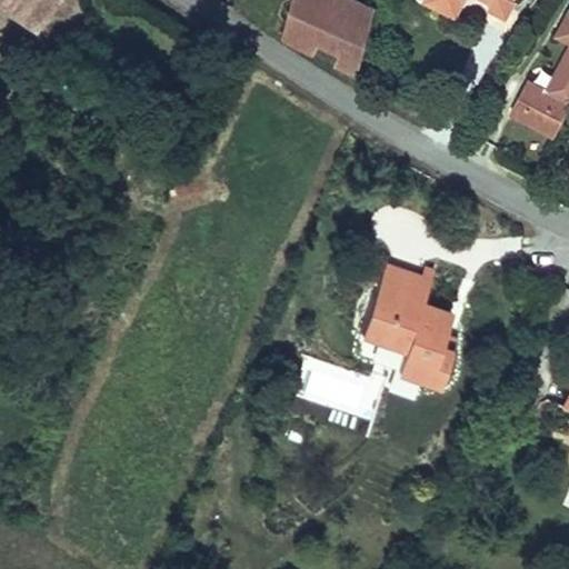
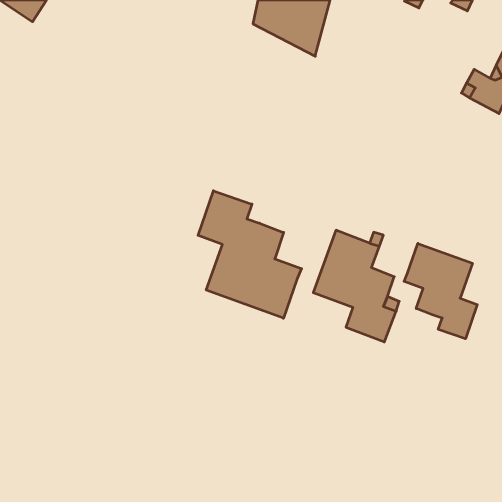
building: none -> [198,191,302,318]
building: none -> [404,243,477,339]

